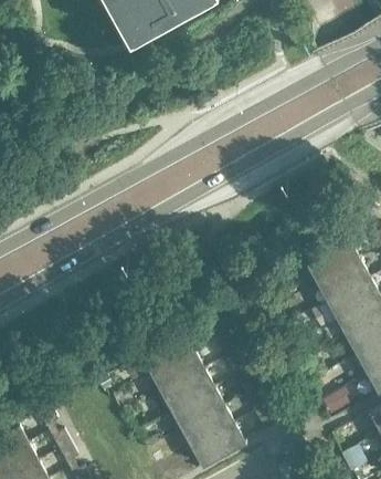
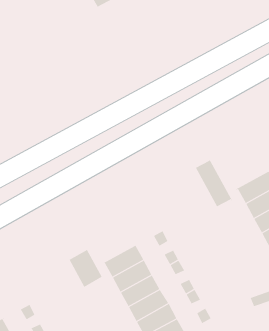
building: none -> [195,158,233,207]
building: none -> [69,249,103,288]

